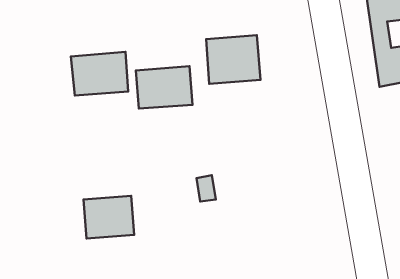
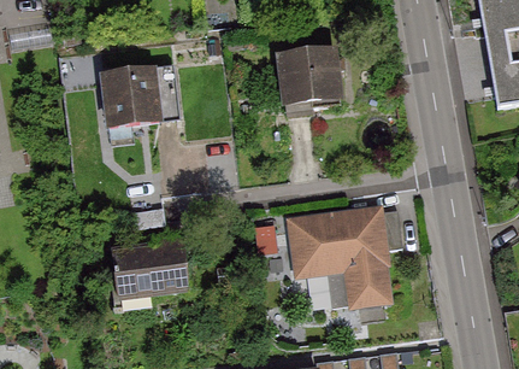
building: [136,66,193,109] -> none
building: none -> [284,207,387,309]

